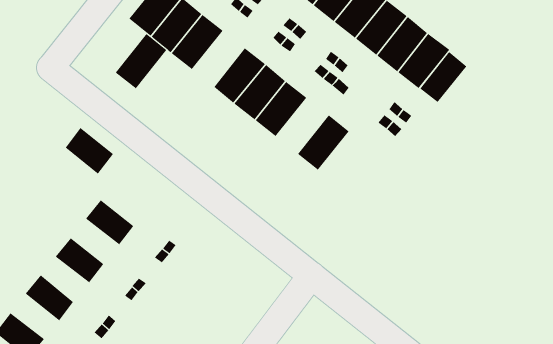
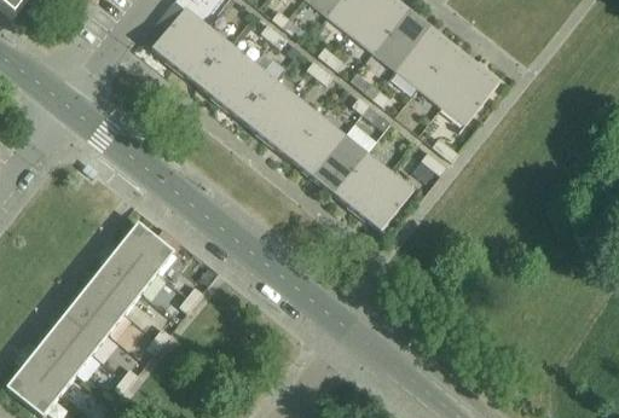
building: [115,33,167,89] -> [219,60,276,121]
building: [420,51,467,103] -> none
building: none -> [310,133,366,193]
building: [65,127,114,174] -> [120,221,173,272]
building: none -> [355,169,413,231]
building: none -> [87,263,140,313]
building: none -> [54,304,108,354]
building: none -> [22,344,75,394]

